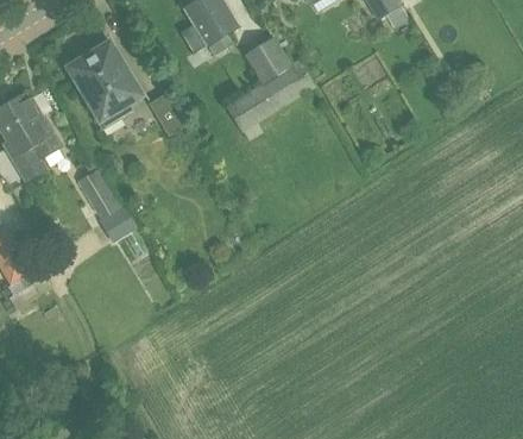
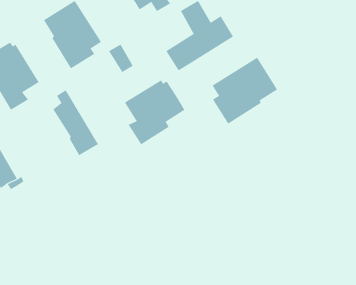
building: none -> [212,57,278,125]
building: none -> [124,80,185,145]

